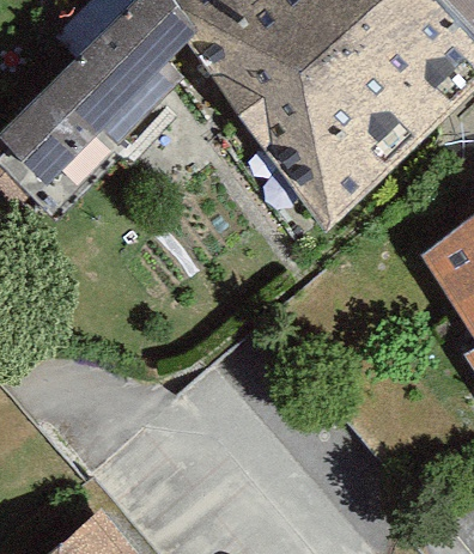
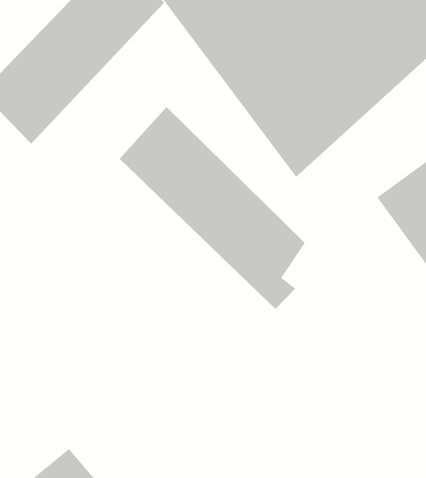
building: none -> [119,106,306,310]

